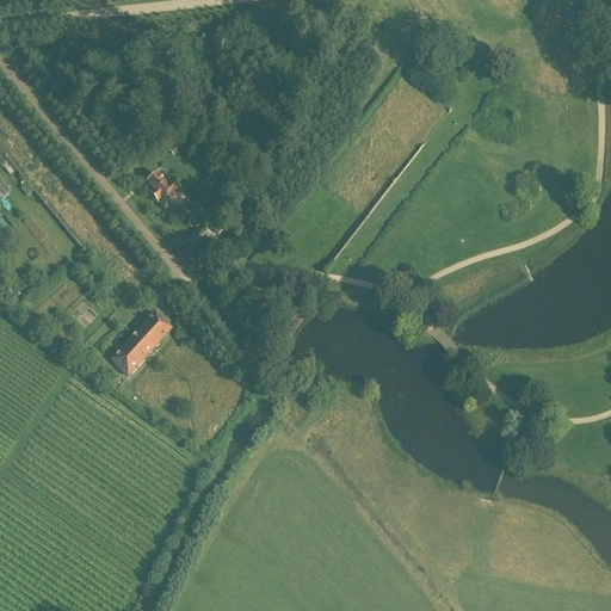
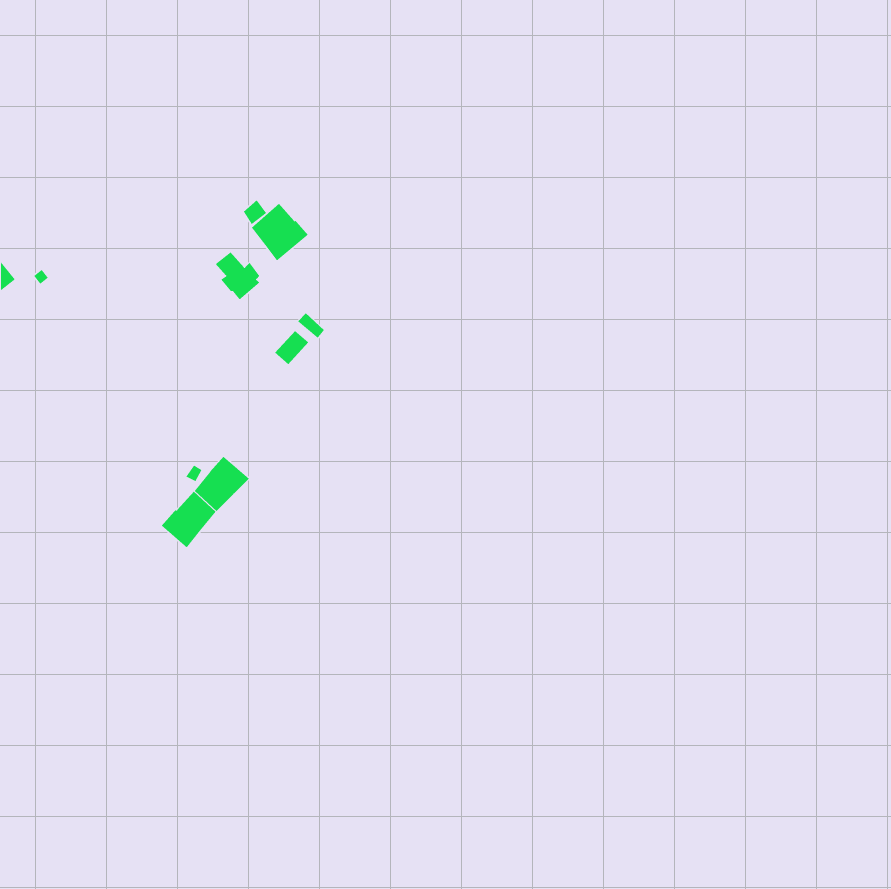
building: none -> [251,203,309,262]

